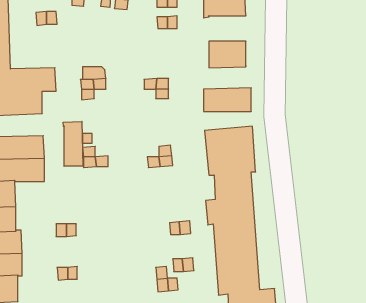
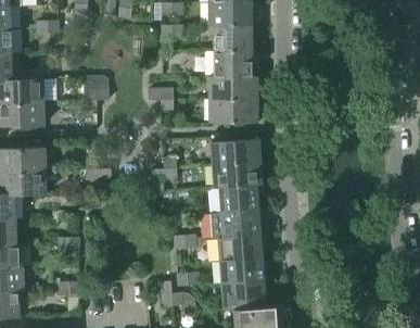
building: none -> [214,25,252,51]
building: none -> [208,76,257,100]
building: [63,121,83,166] -> none

